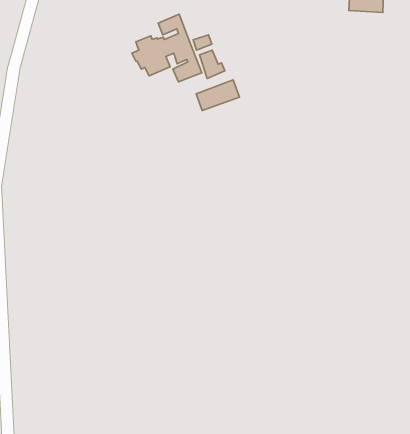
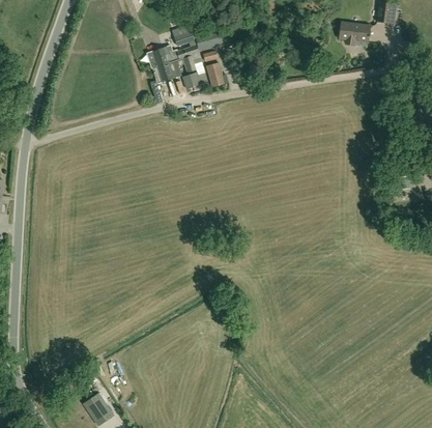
building: [196,80,240,110] -> none

